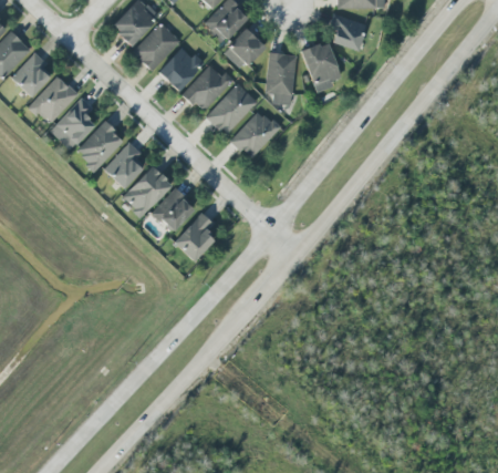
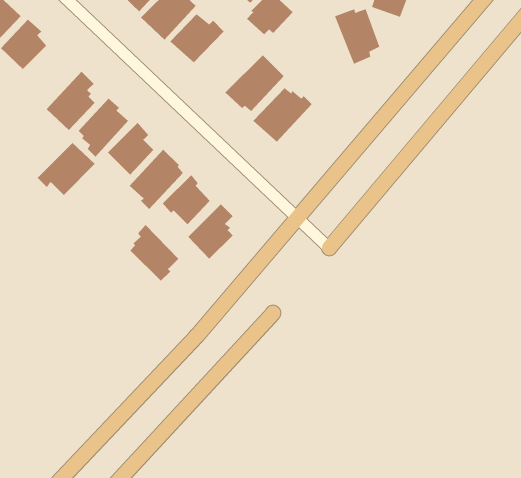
building: [266,52,298,104] -> none
building: [183,65,235,110] -> none
building: [28,75,79,122] -> [37,142,96,196]
building: none -> [130,224,179,282]

